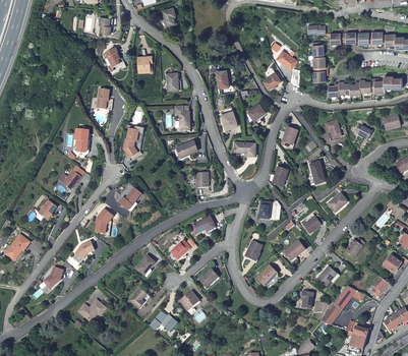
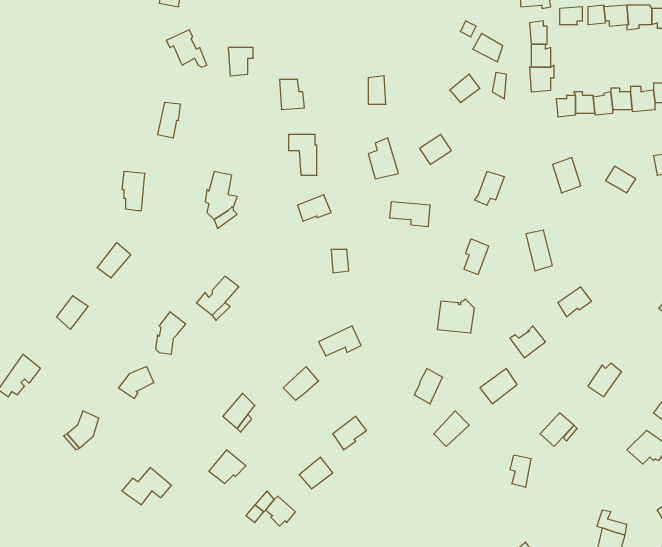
building: [319,286,365,325] -> none

